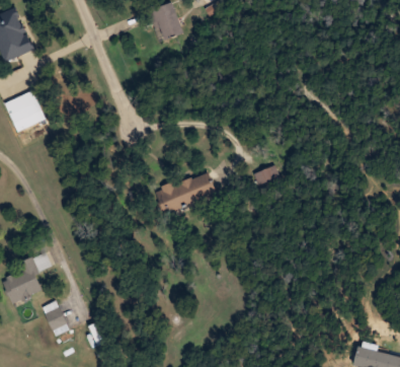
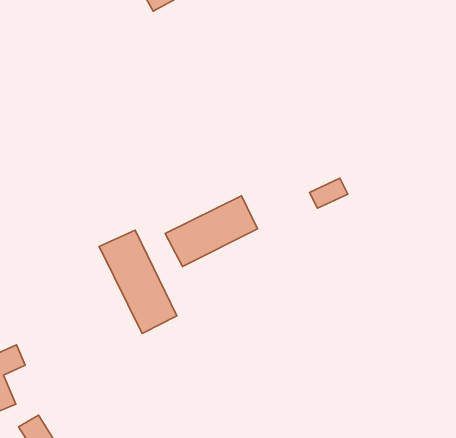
building: none -> [99,230,177,334]

